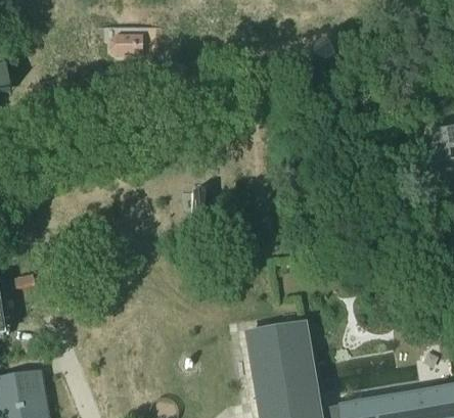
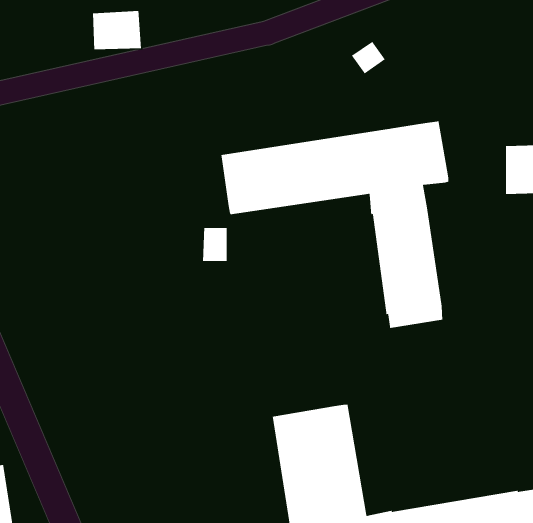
building: none -> [221,121,449,329]

